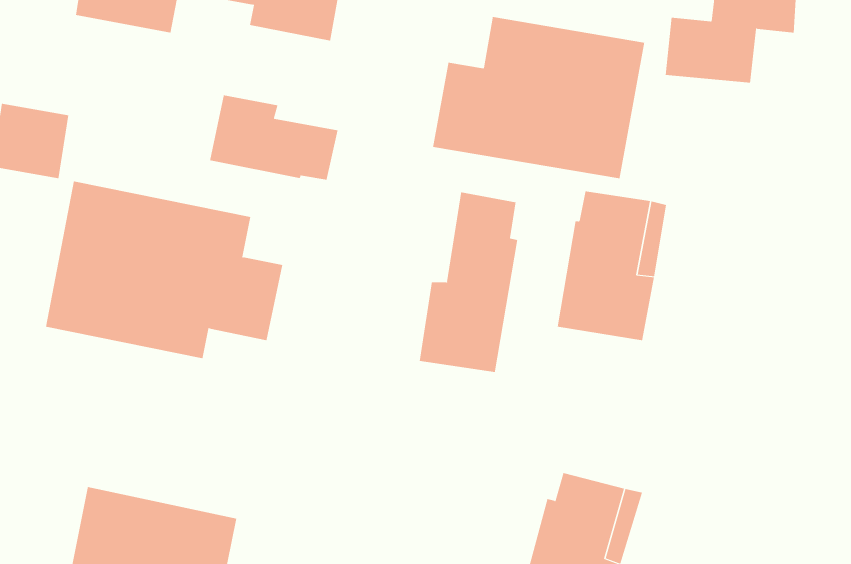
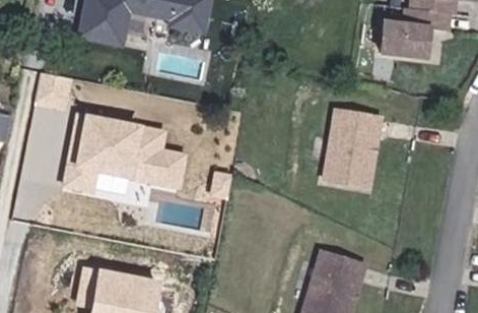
building: [432,16,645,179] -> none
building: [209,94,338,181] -> none
building: [419,192,518,373] -> none

